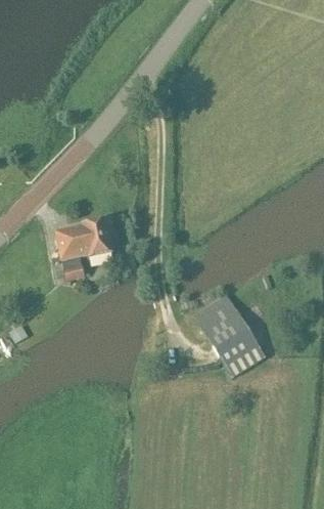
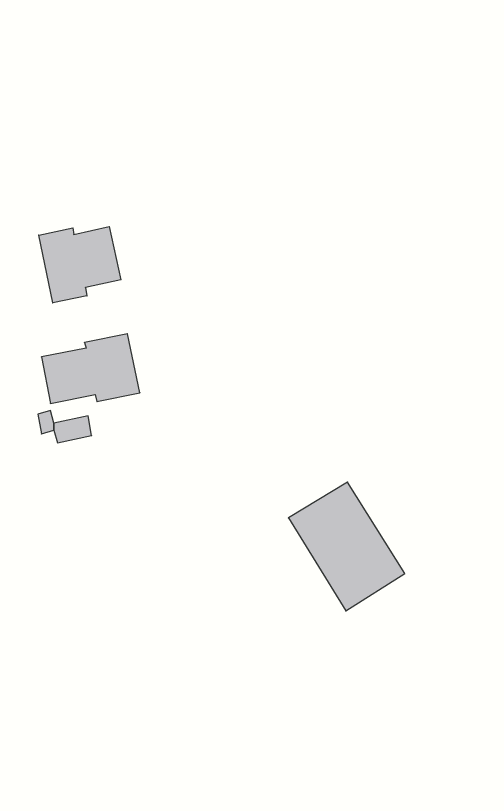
building: none -> [39,227,121,303]

